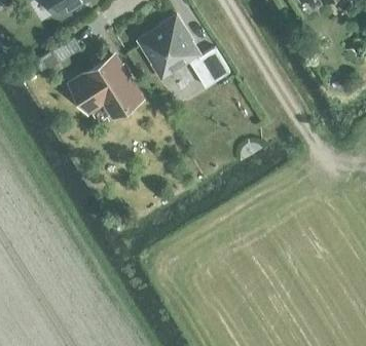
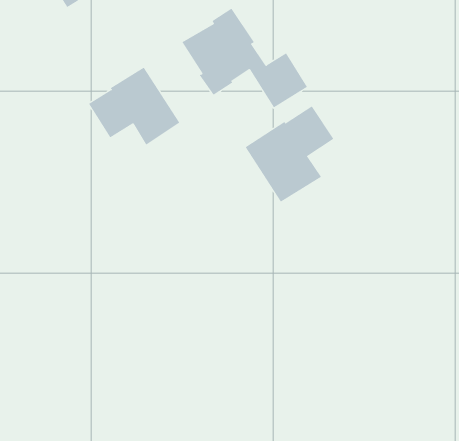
building: none -> [245,105,334,203]

